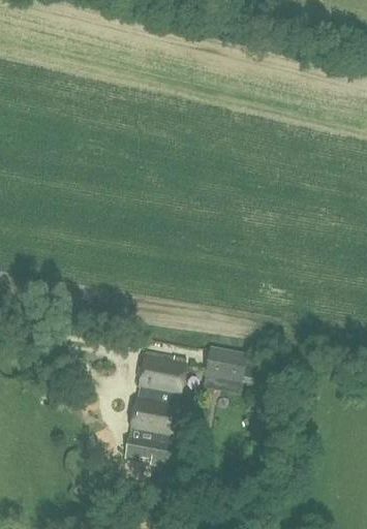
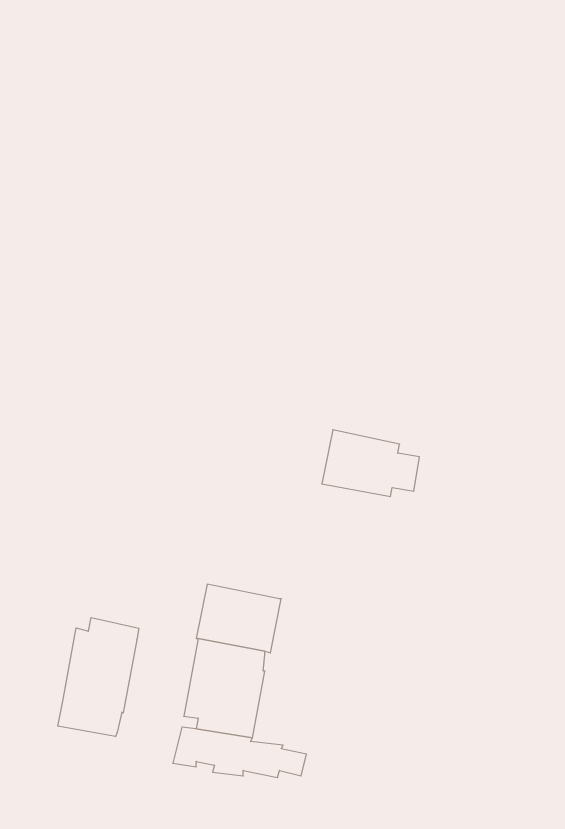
building: [203,349,258,387] -> [322,430,419,497]
building: none -> [58,618,139,737]

